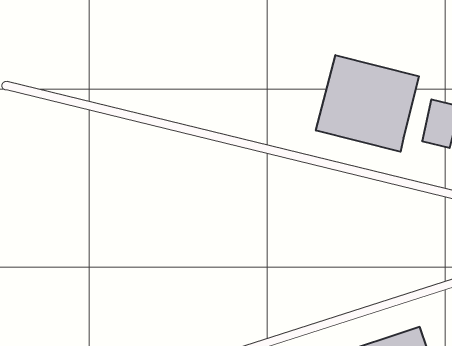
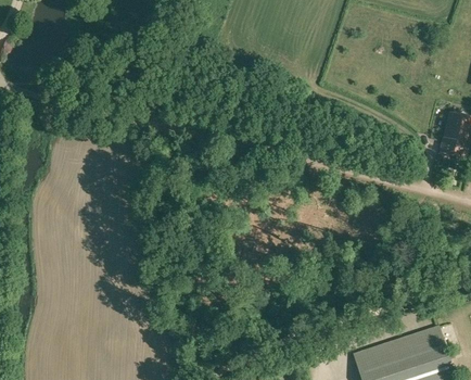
building: [316,55,419,152] -> none

